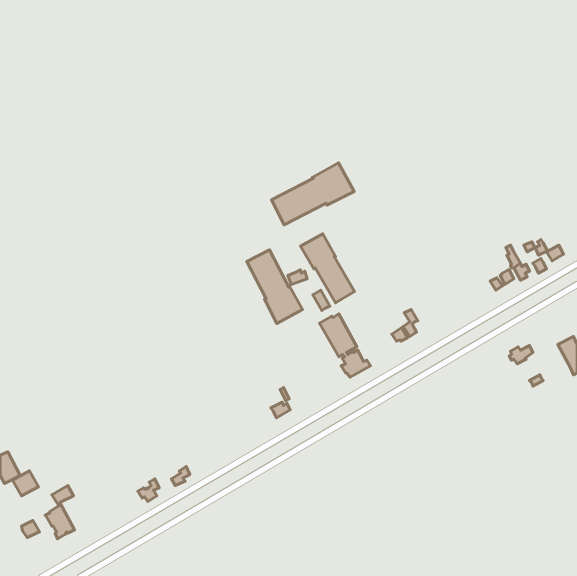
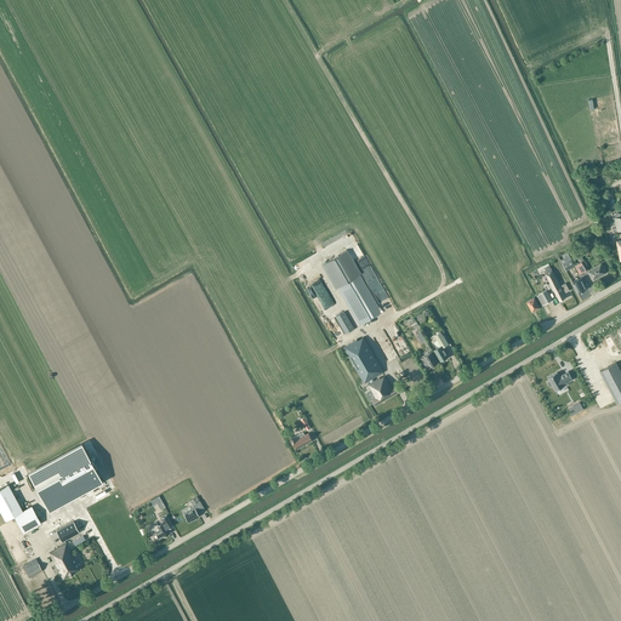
building: [271,163,354,225] -> none
building: [247,250,302,324] -> none
building: none -> [28,445,102,511]

